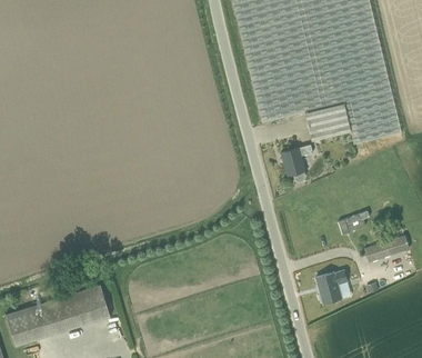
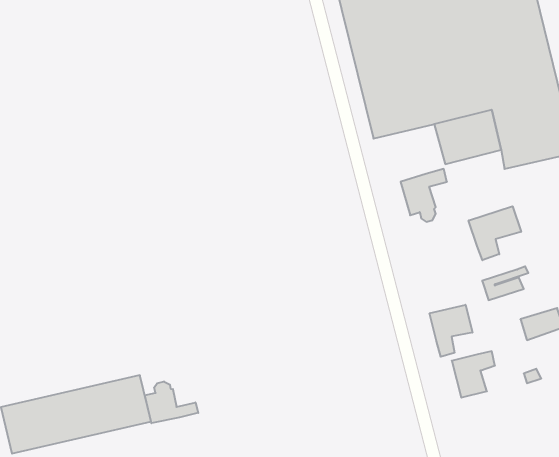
building: none -> [469,206,521,260]
building: none -> [430,305,472,357]
building: none -> [145,381,198,423]

